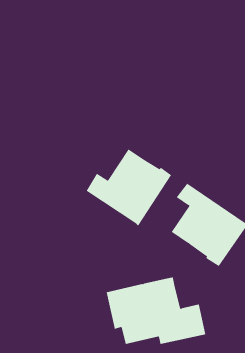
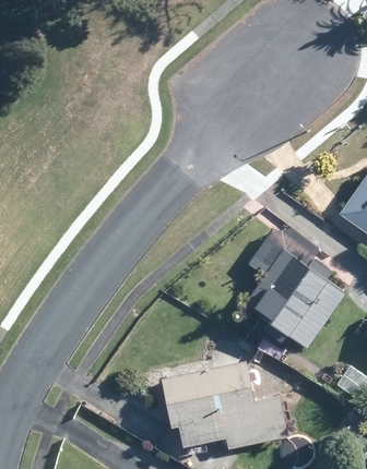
building: [86,149,172,226] -> none

